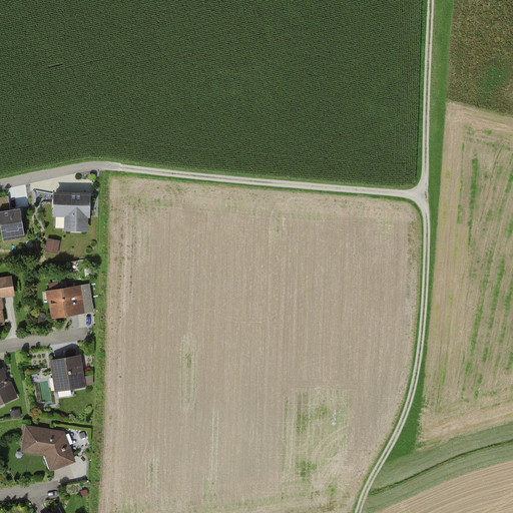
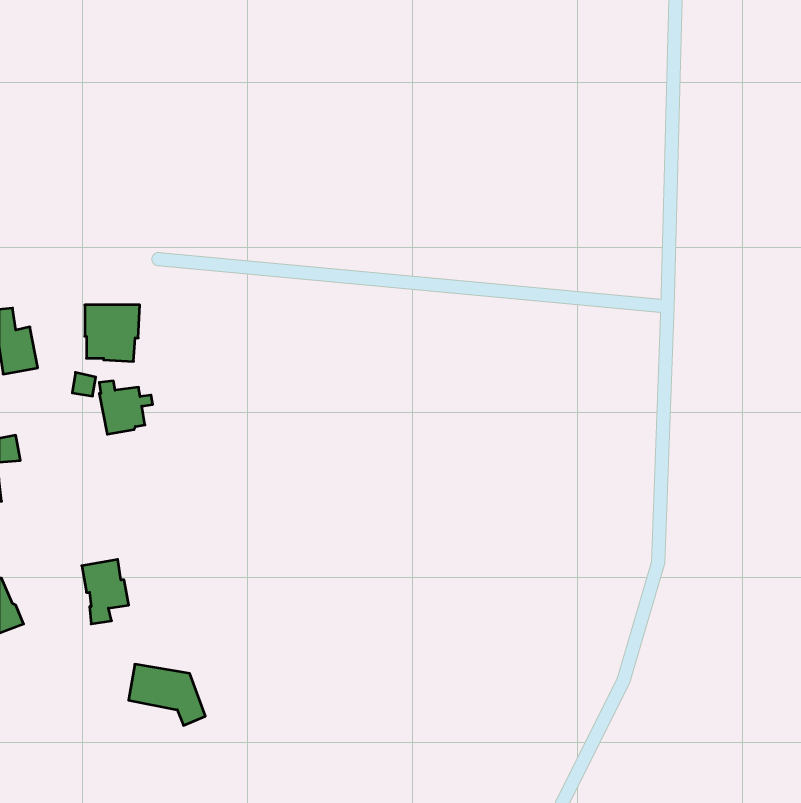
building: [48,284,82,318] -> [99,381,153,434]
building: [23,427,72,466] -> [129,664,205,725]

